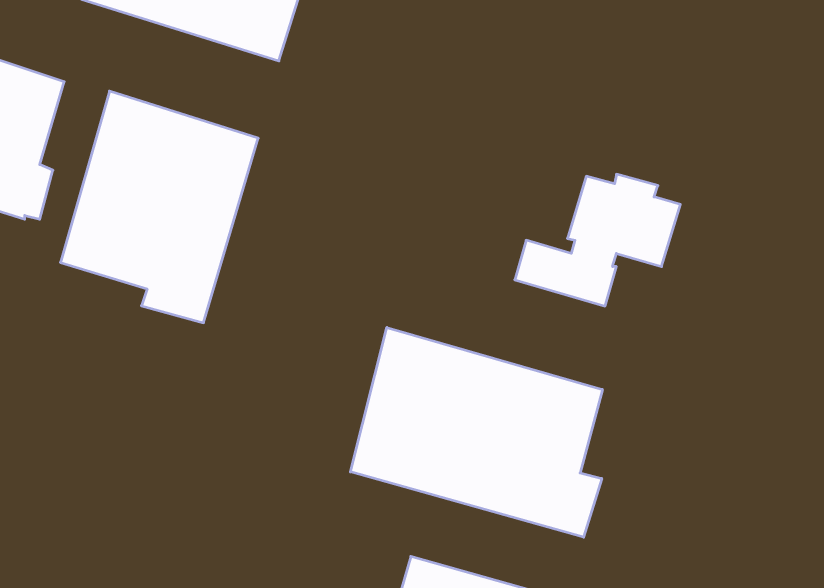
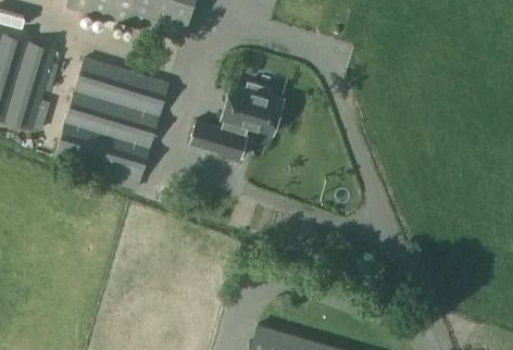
building: [515,174,680,306] -> [190,82,286,158]
building: [350,327,602,537] -> none

